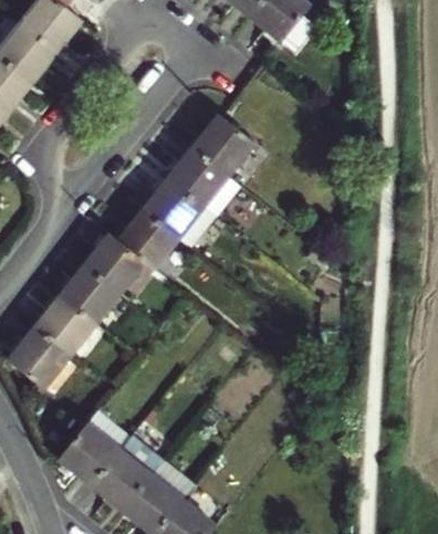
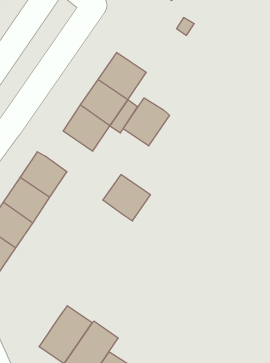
building: none -> [123,98,169,146]
building: [116,209,178,270] -> [103,175,150,221]
building: [58,421,119,484] -> none

